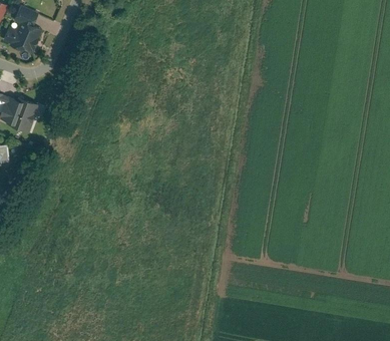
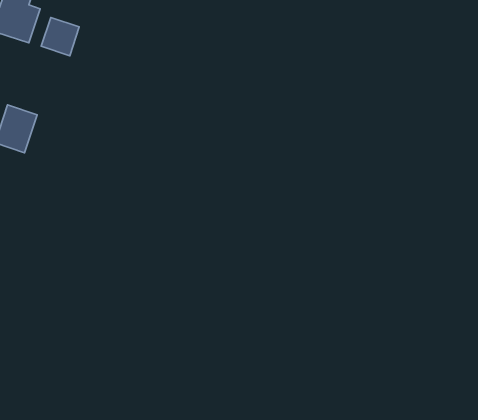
building: none -> [41,17,79,56]

